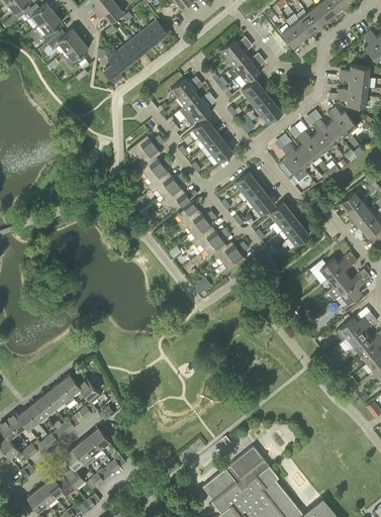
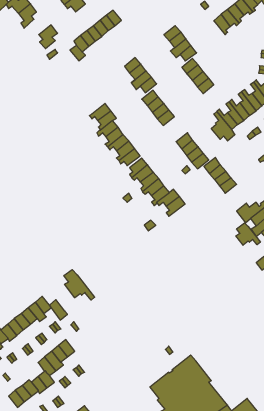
building: [46,28,80,50] -> none
building: none -> [236,223,260,245]
building: none -> [64,270,95,300]

